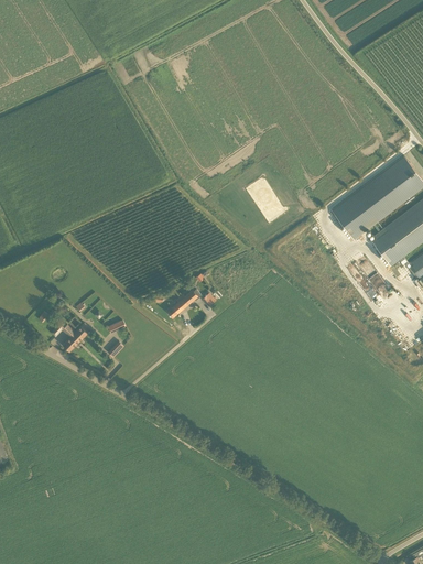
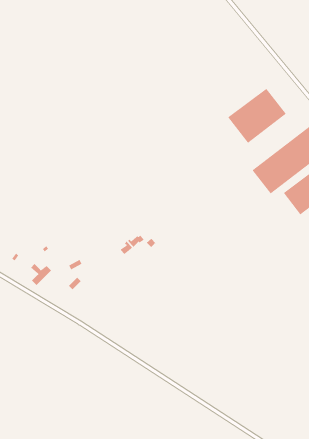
building: none -> [227,88,287,144]

